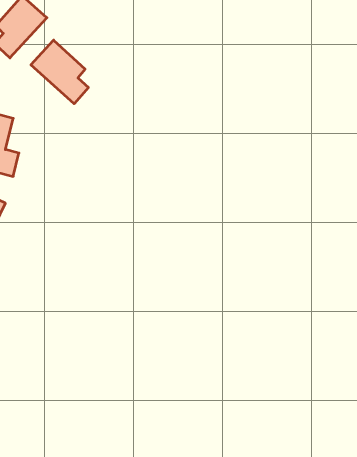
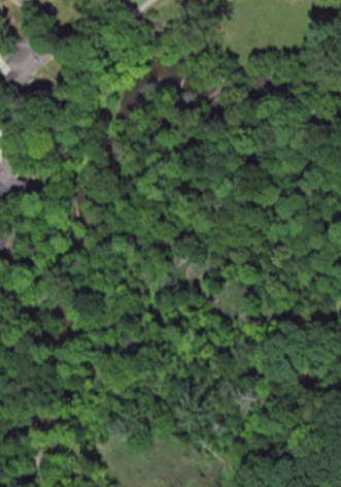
building: [31,40,88,104] -> none

